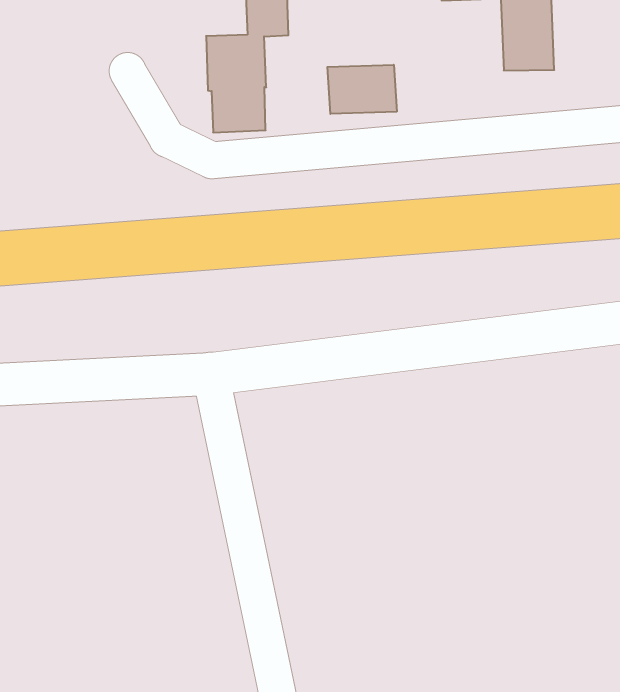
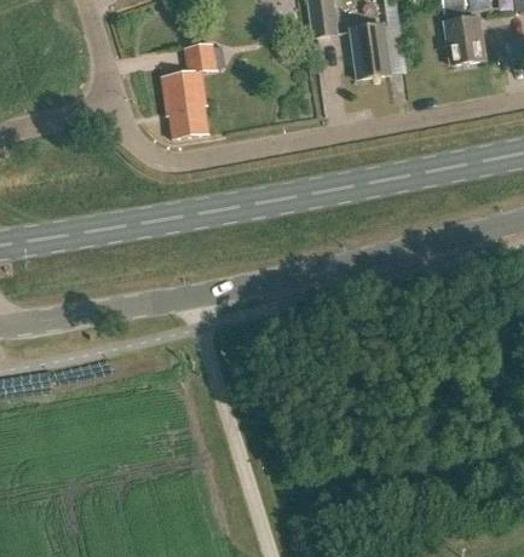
building: [327,65,397,114] -> none

